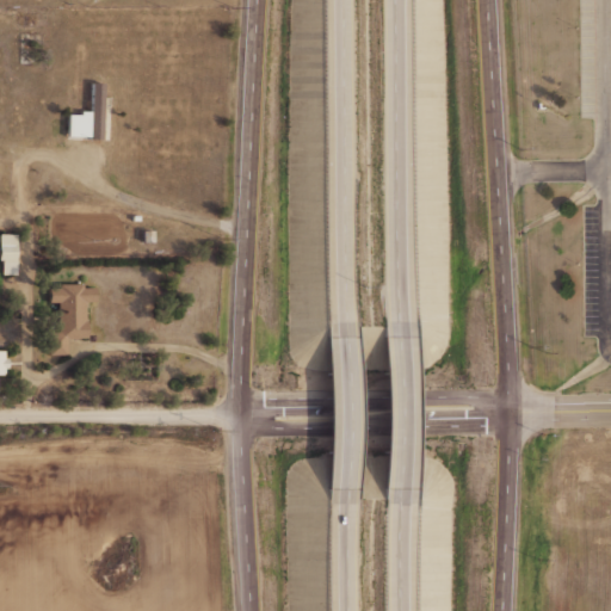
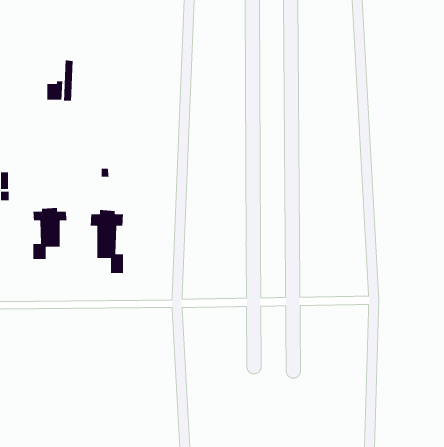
building: none -> [90,209,124,274]

